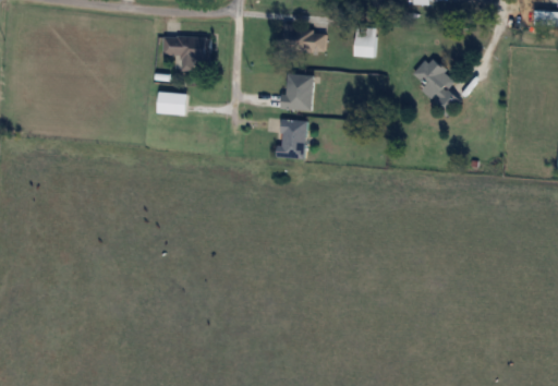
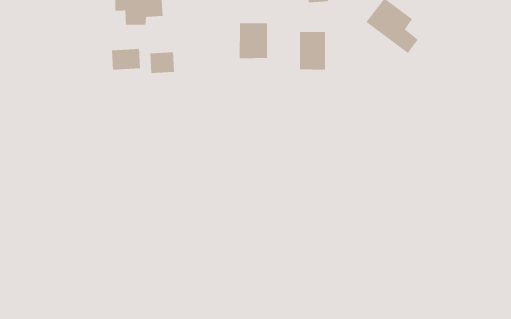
building: none -> [150,52,175,74]
building: [279,120,307,159] -> [299,31,326,70]

